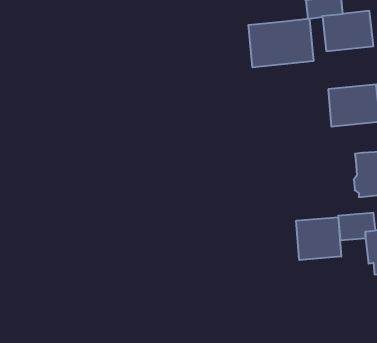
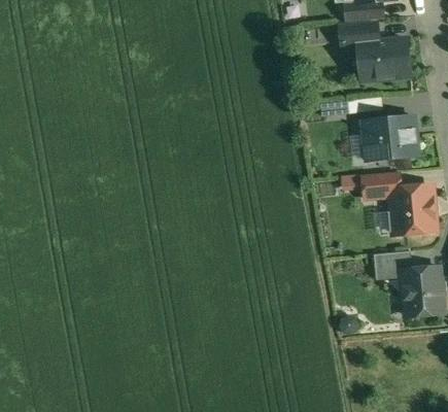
building: [248,19,313,67] -> none
building: none -> [364,172,400,200]
building: [296,217,341,260] -> none

